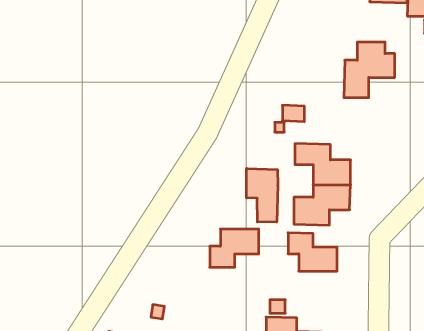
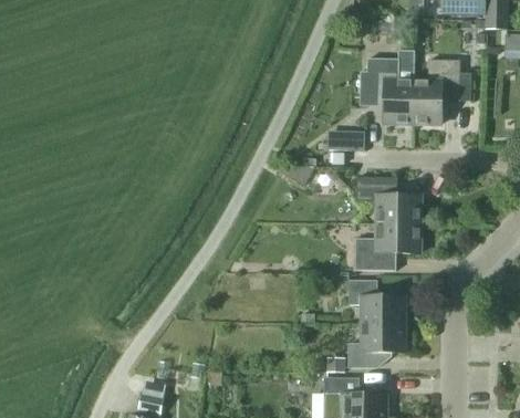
building: none -> [365,50,414,123]
building: [247,168,278,222] -> none
building: [210,229,259,267] -> [347,323,404,367]

